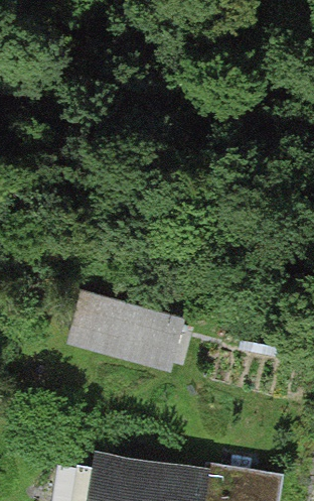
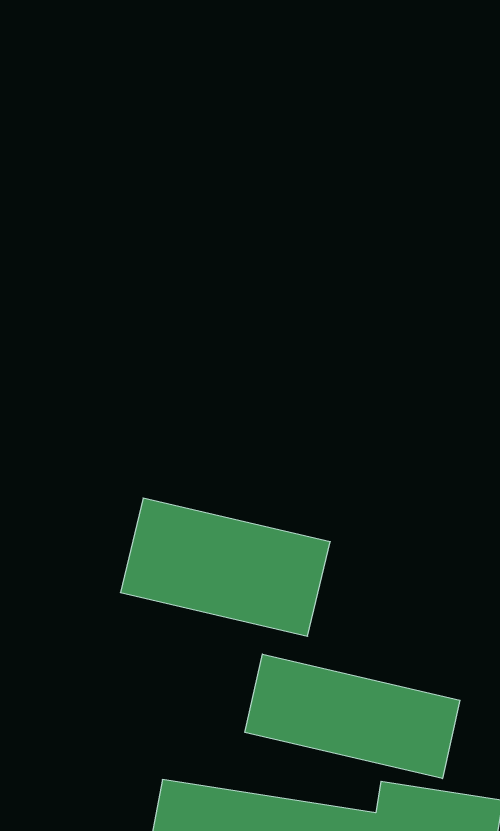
building: none -> [245,654,460,779]

